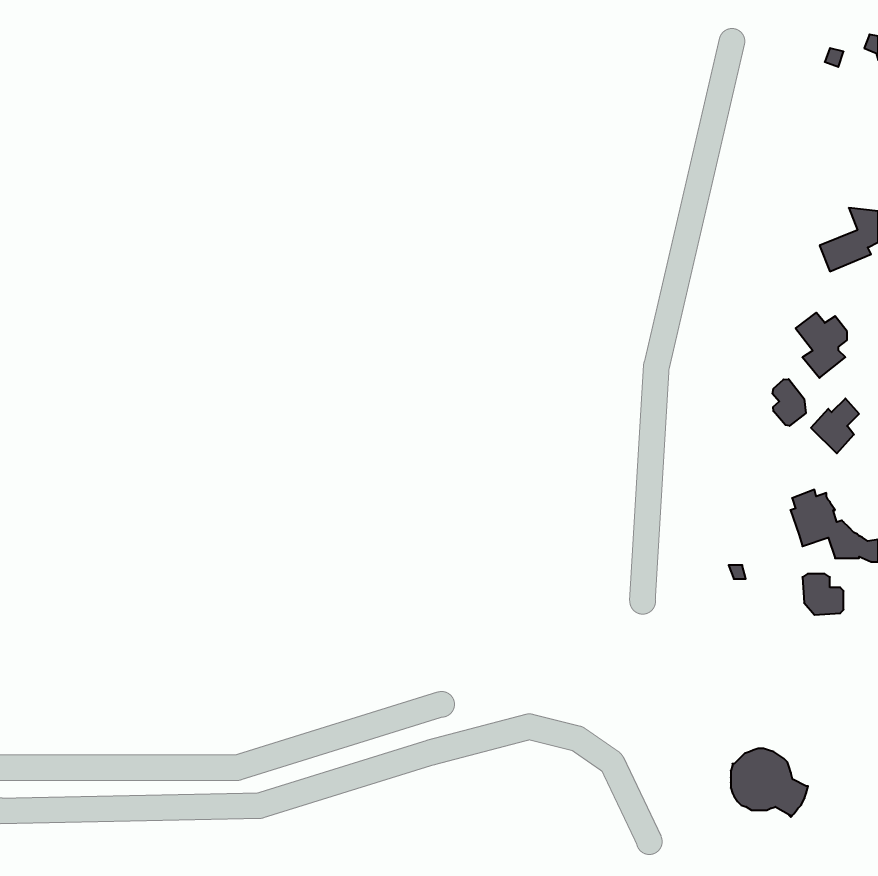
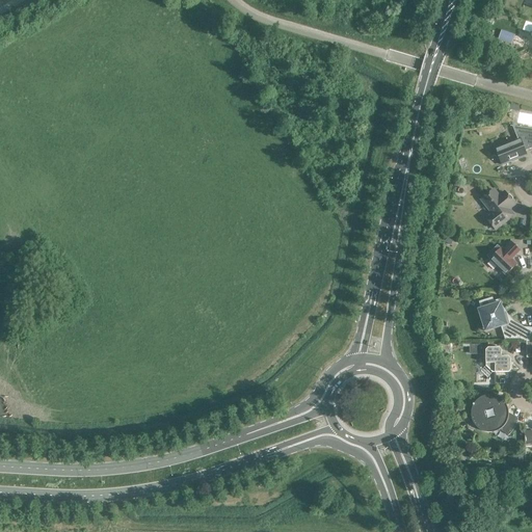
building: [773,379,806,426] -> none
building: [731,748,808,817] -> [472,394,518,435]

